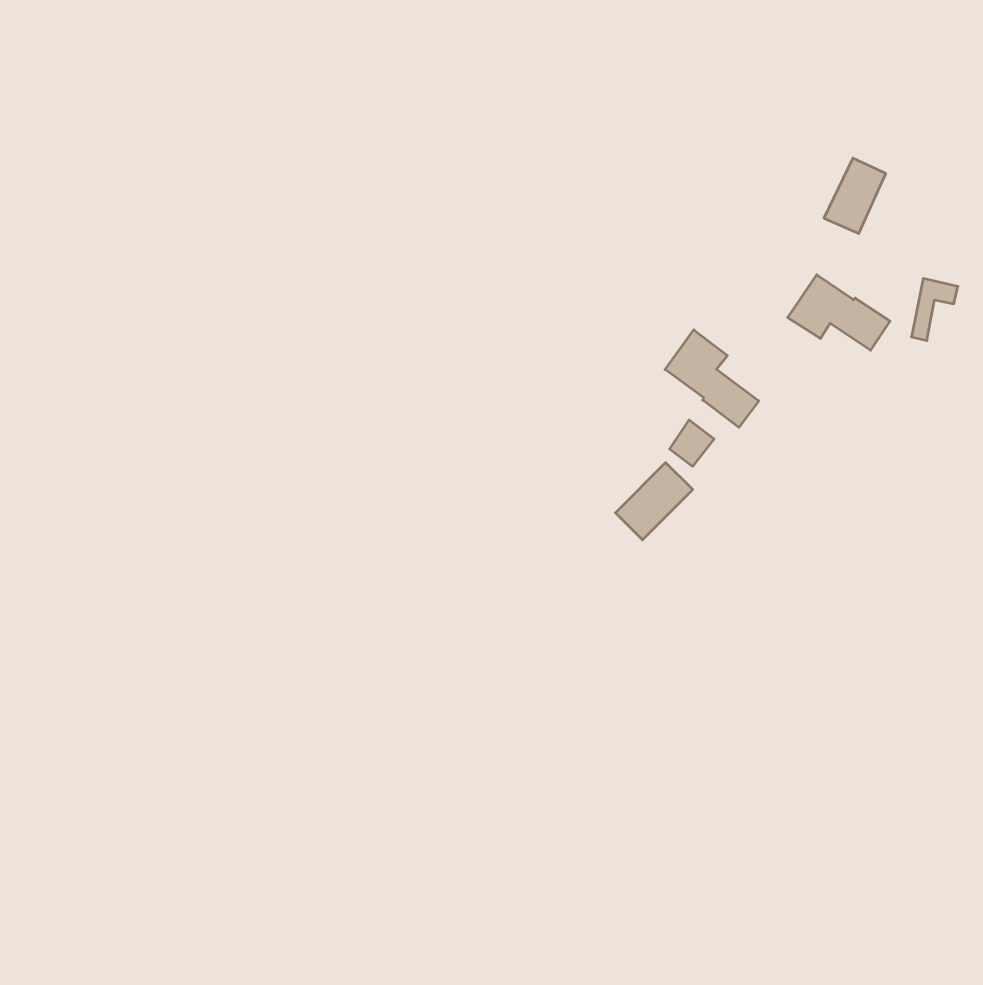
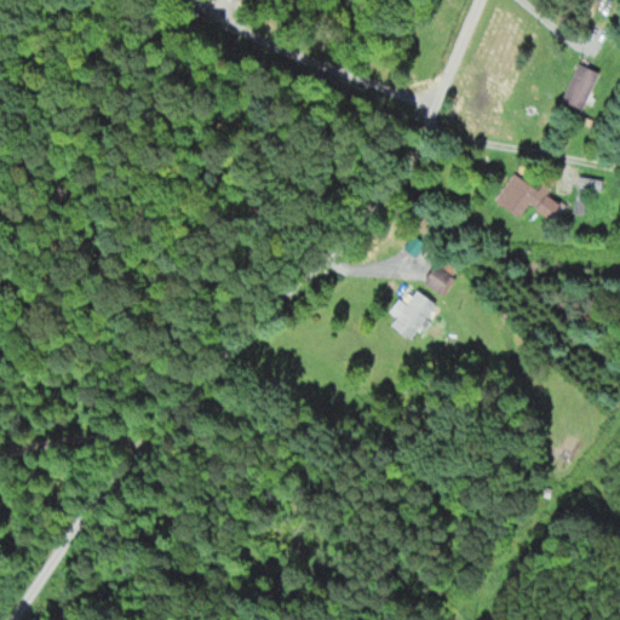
building: [824,158,886,234] -> [561,64,599,111]
building: [665,330,759,427] -> none

